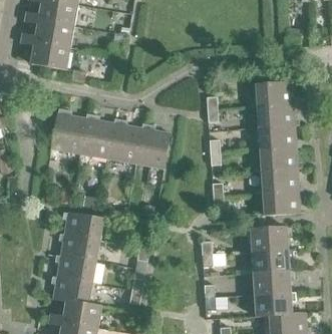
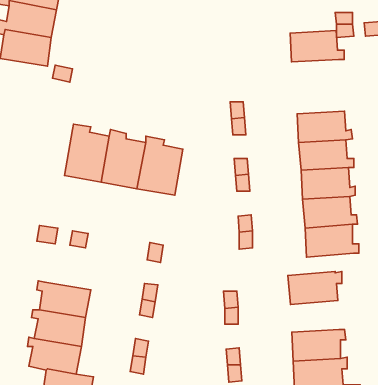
building: [256,81,297,105] -> [290,30,344,62]
building: [50,108,85,152] -> none
building: [62,212,103,240] -> none
building: [252,248,293,272] -> none

